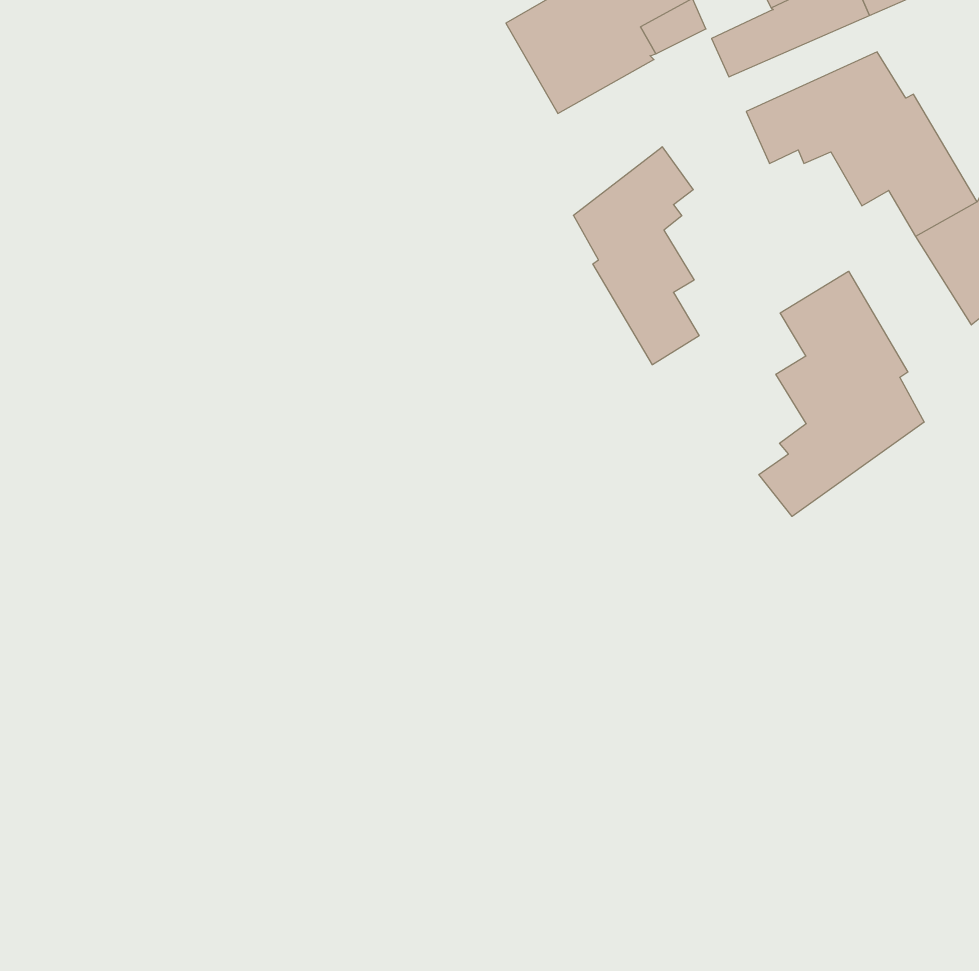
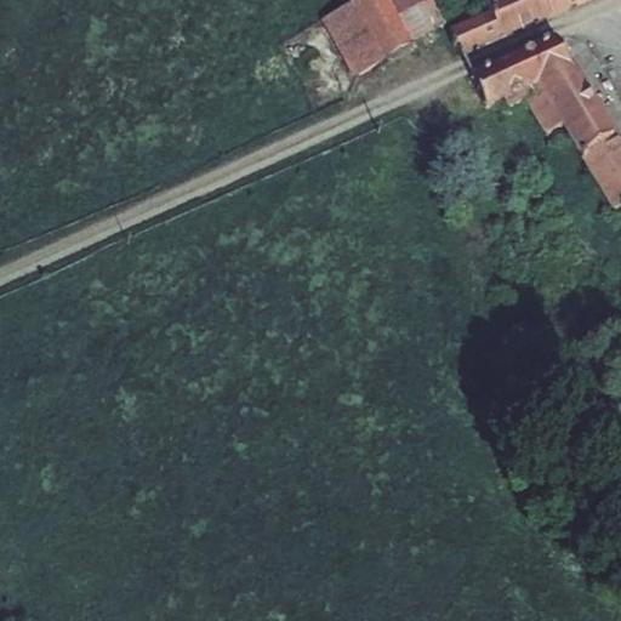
building: [573,147,699,365] -> none
building: [759,271,924,516] -> none

